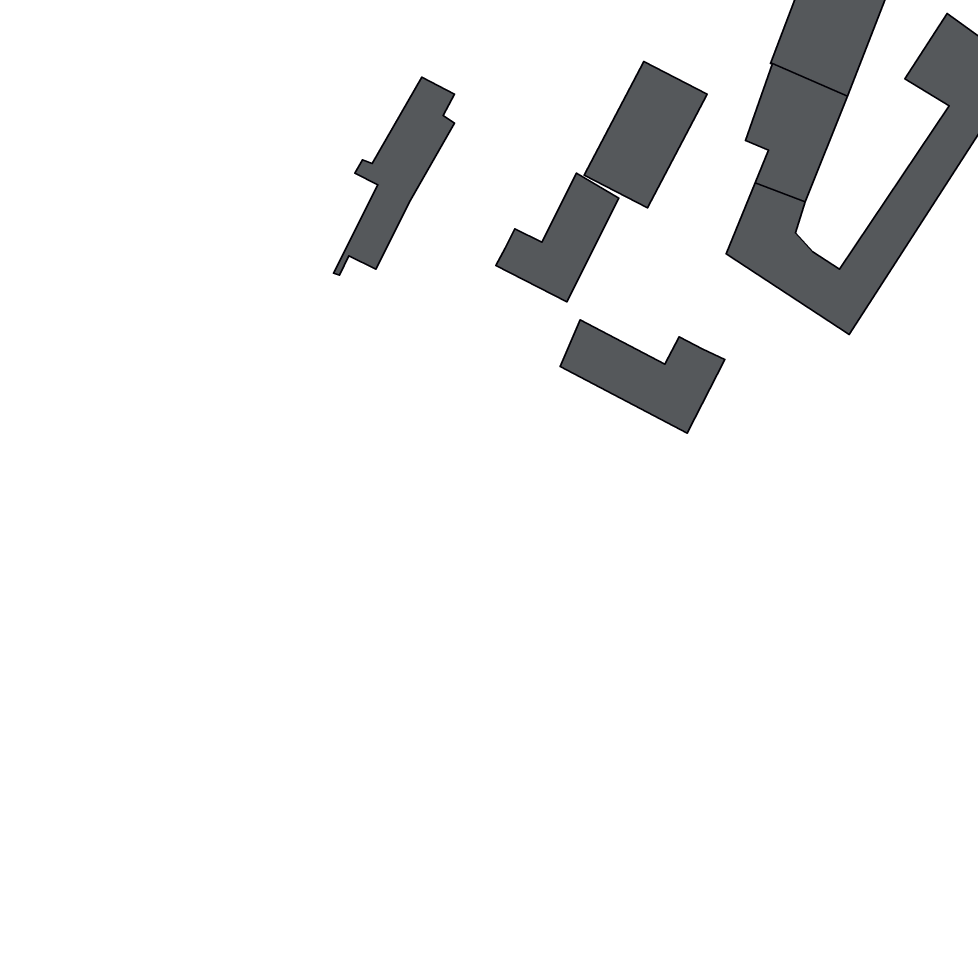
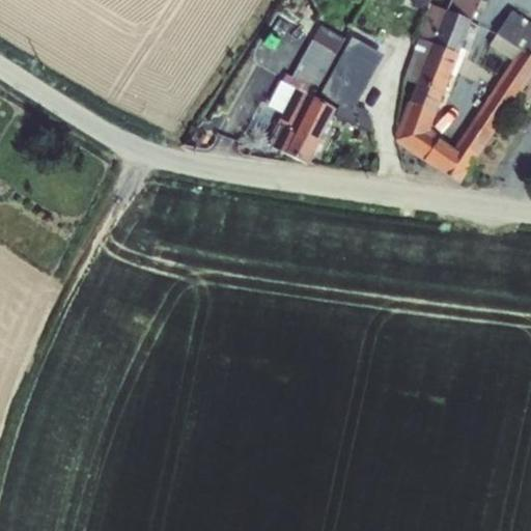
building: [334,77,455,275] -> [272,27,337,134]
building: [560,320,725,433] -> none

